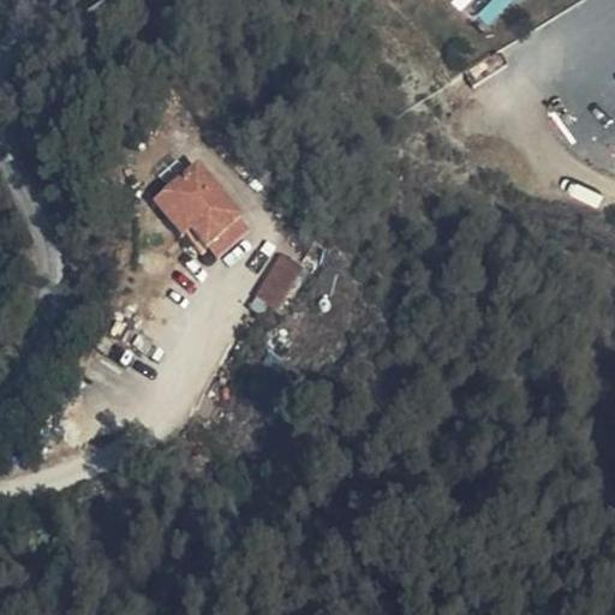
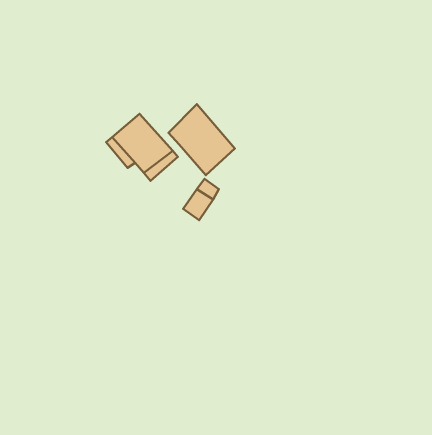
building: none -> [169,104,235,175]

